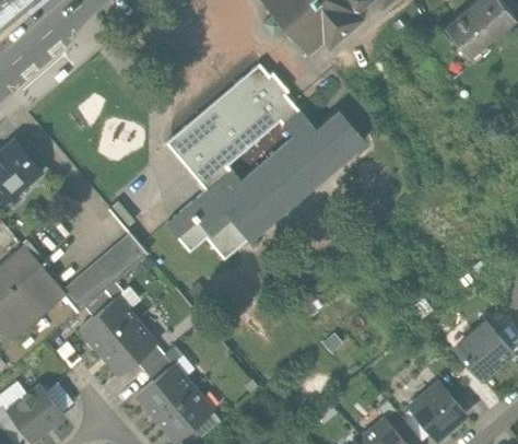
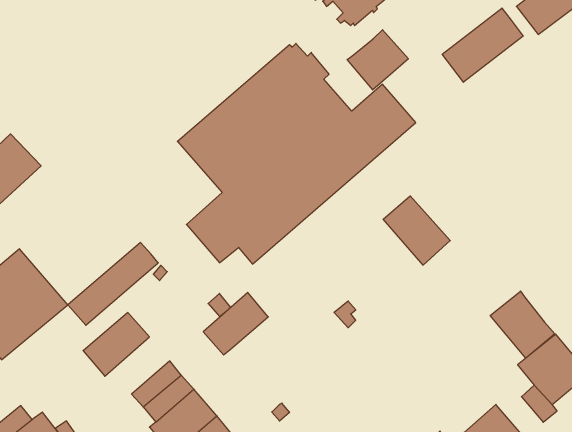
building: none -> [442,8,523,82]
building: none -> [347,30,408,90]
building: none -> [383,196,450,265]
building: none -> [490,291,555,358]
building: [98,320,154,374] -> [203,292,268,355]

